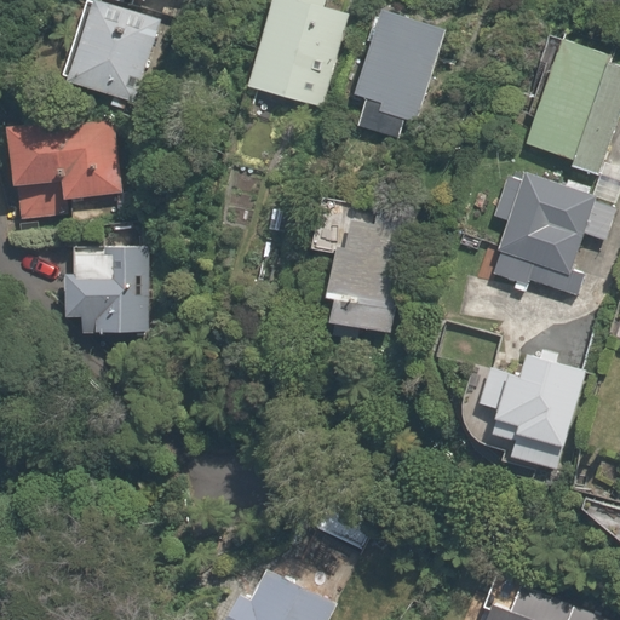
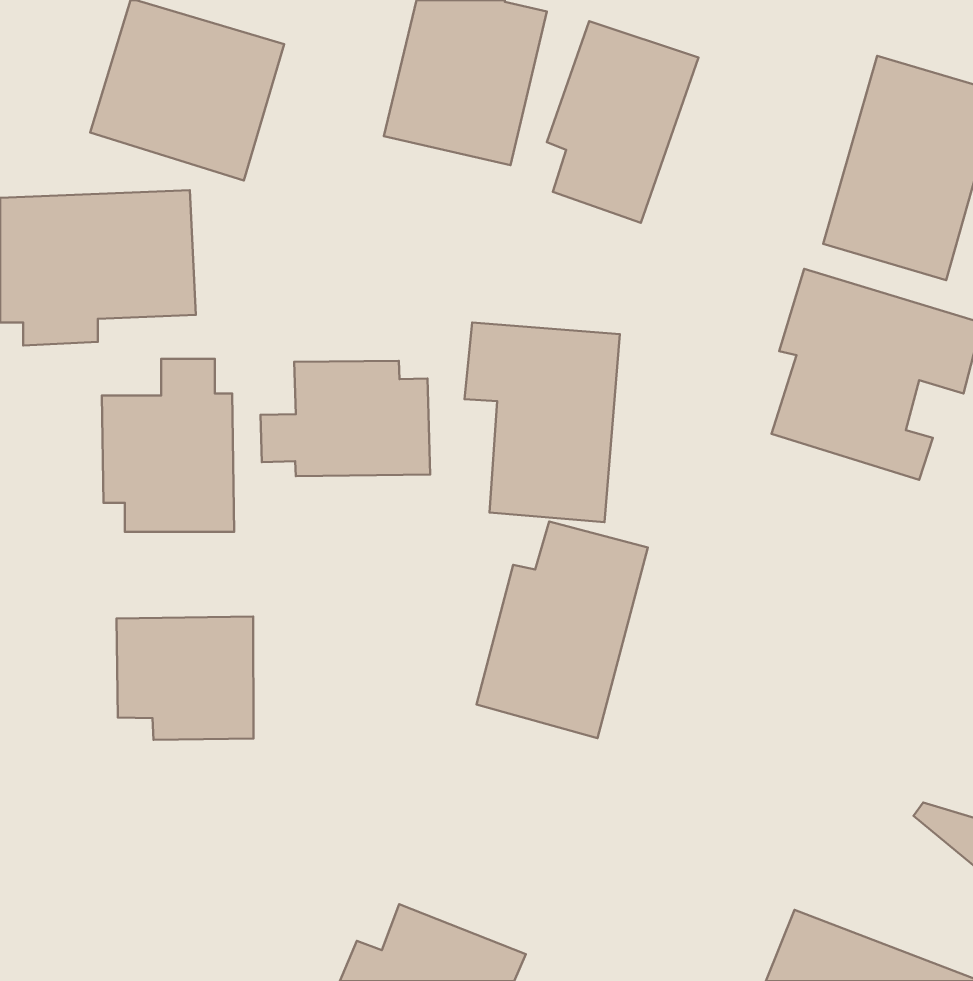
building: none -> [260,361,430,476]
building: none -> [476,521,648,738]
building: [463,343,587,472] -> none
building: none -> [117,617,254,740]

